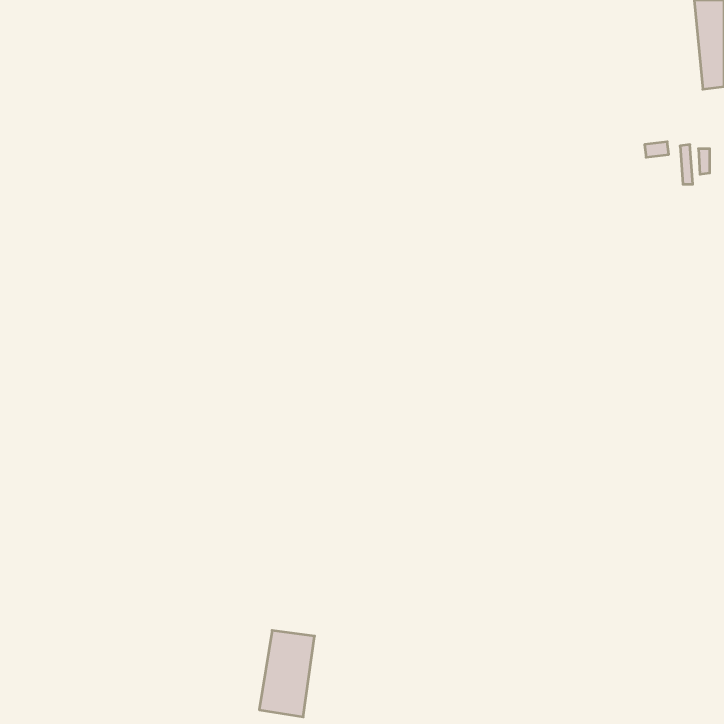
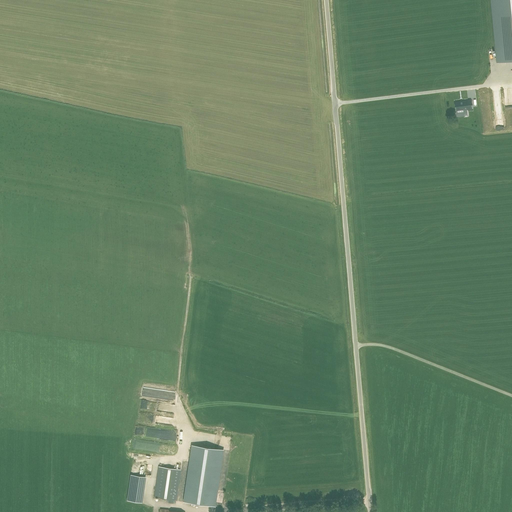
building: none -> [154,466,181,503]
building: none -> [127,474,146,502]

